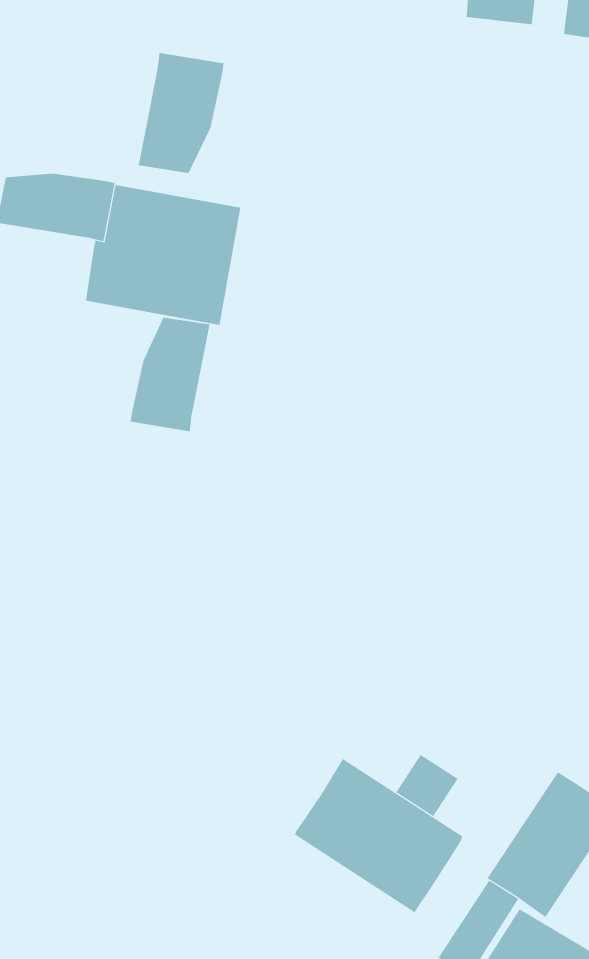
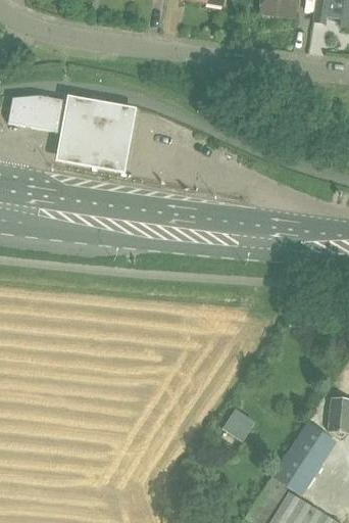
building: [138,52,224,174] -> none
building: [130,317,210,432] -> none
building: [294,758,463,913] -> none

